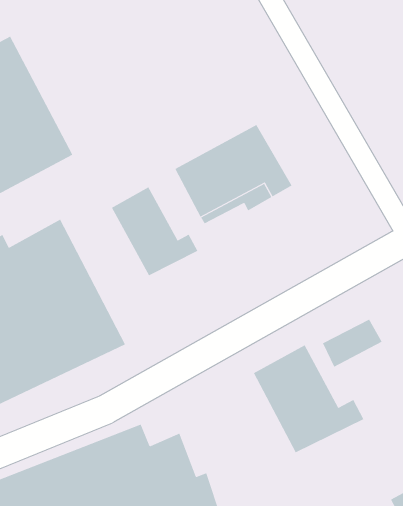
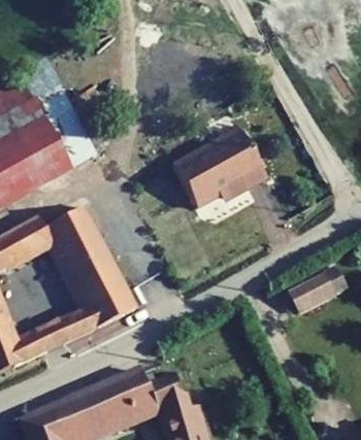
building: [111,186,198,276] -> none
building: [253,344,364,453] -> none

